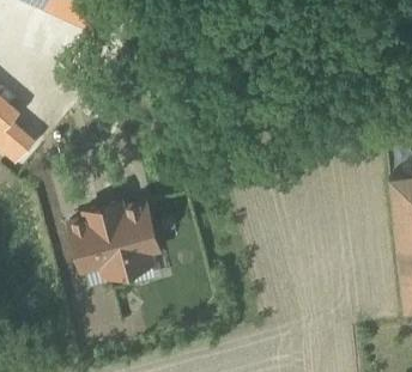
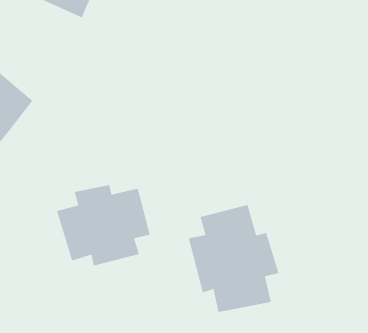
building: none -> [188,204,279,313]

